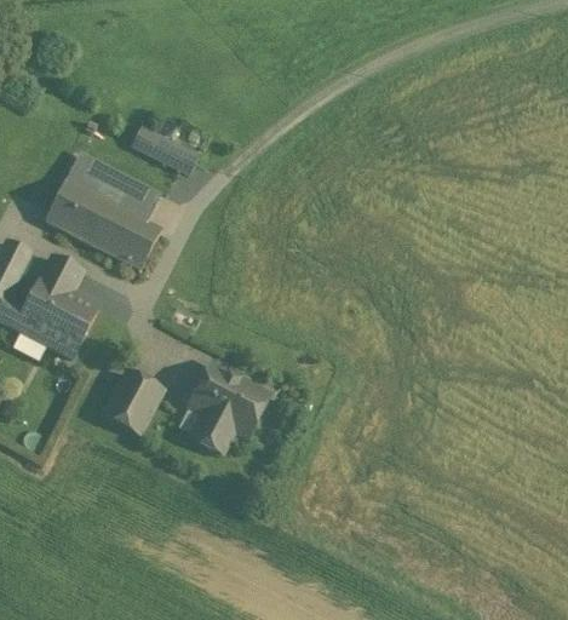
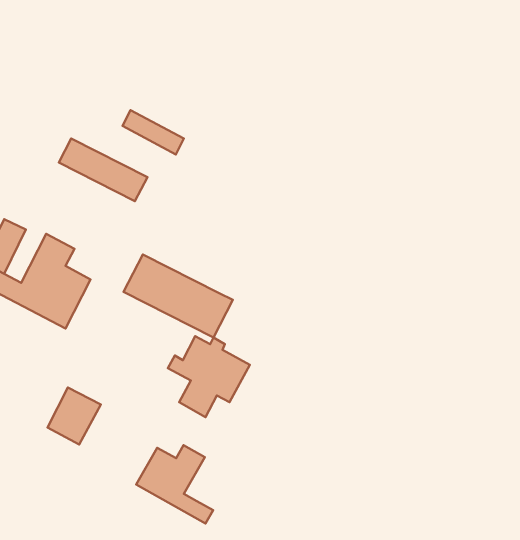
building: [44,180,160,269] -> [124,254,233,337]
building: [104,372,161,432] -> [47,388,101,444]
building: none -> [136,445,213,524]

